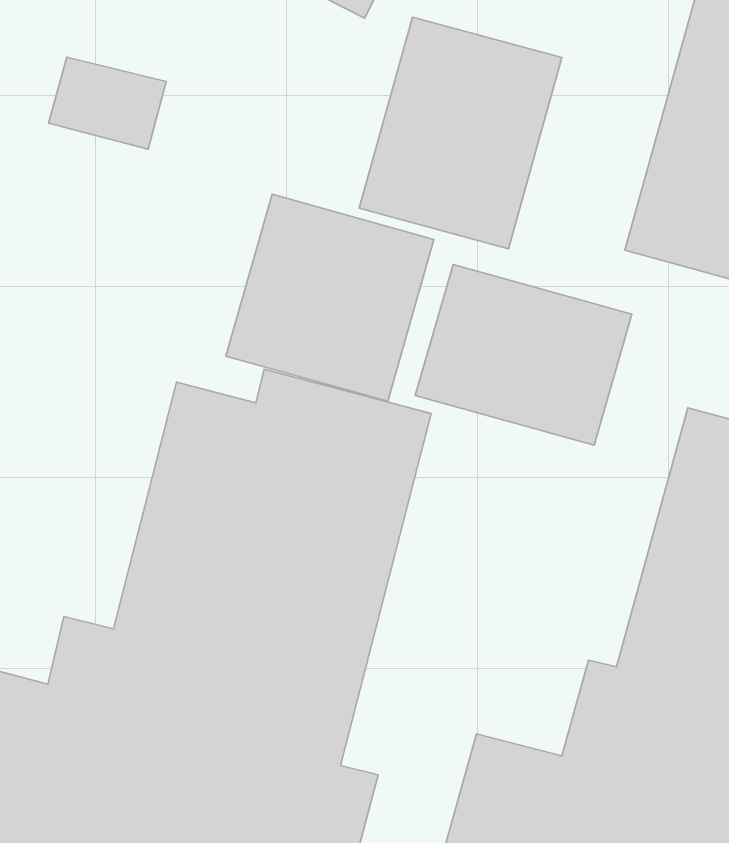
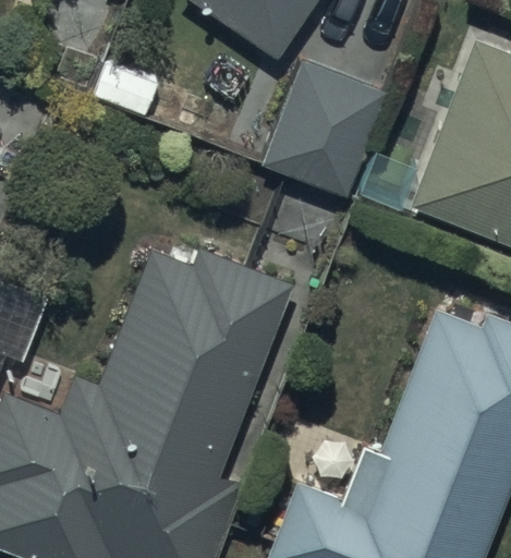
building: [226,194,434,401] -> none
building: [415,264,632,445] -> none

